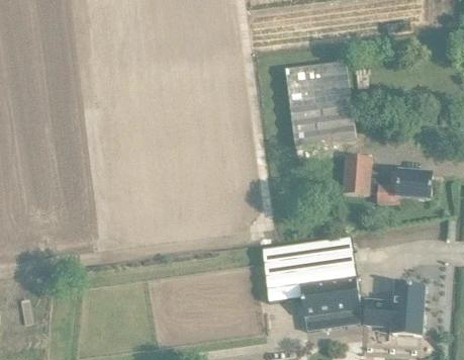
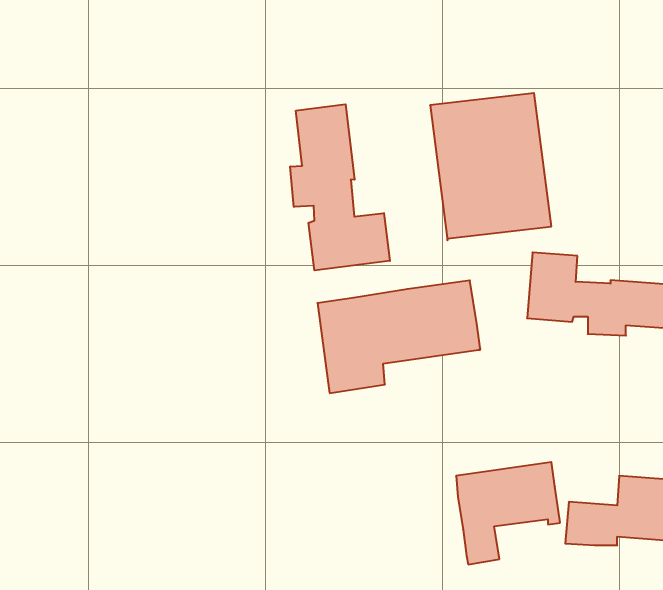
building: none -> [290,104,390,270]
building: [261,237,356,302] -> [317,280,480,393]

